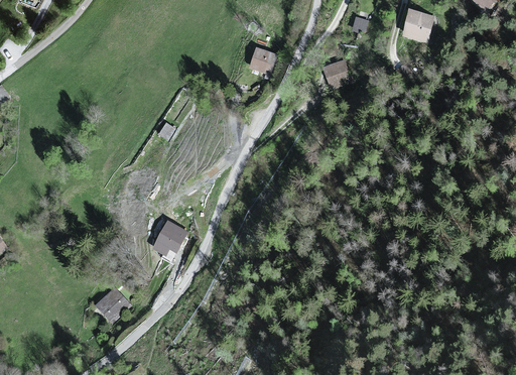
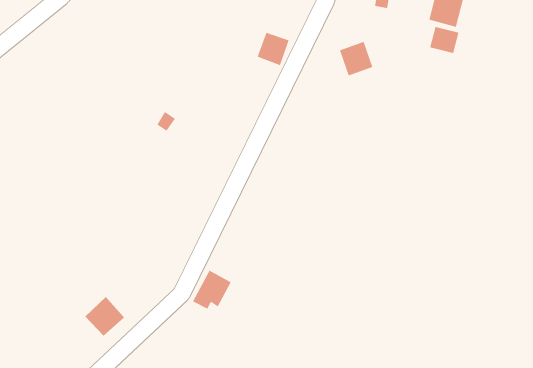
building: none -> [430,26,459,54]
building: [152,218,187,253] -> [192,270,232,309]

